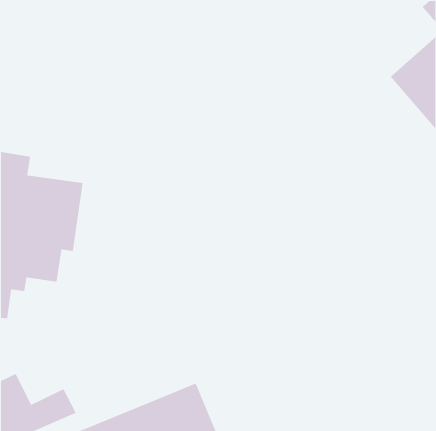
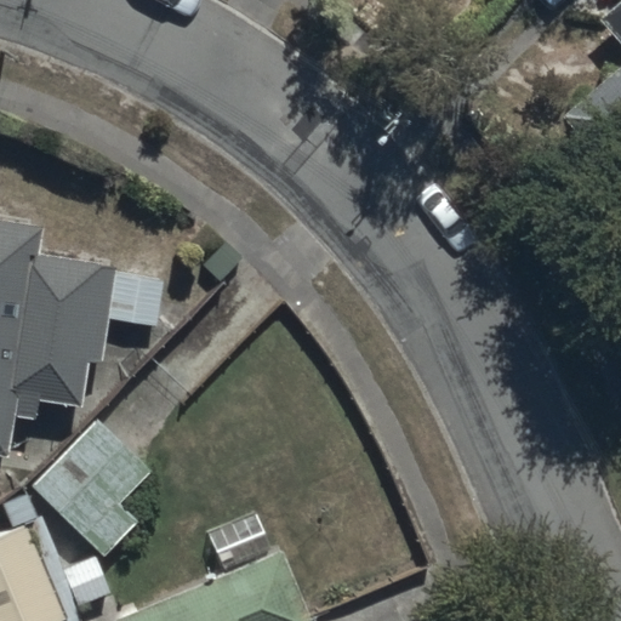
building: none -> [28,421,146,559]

